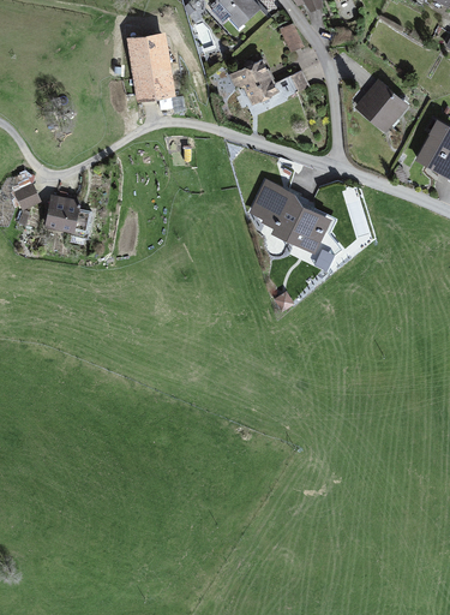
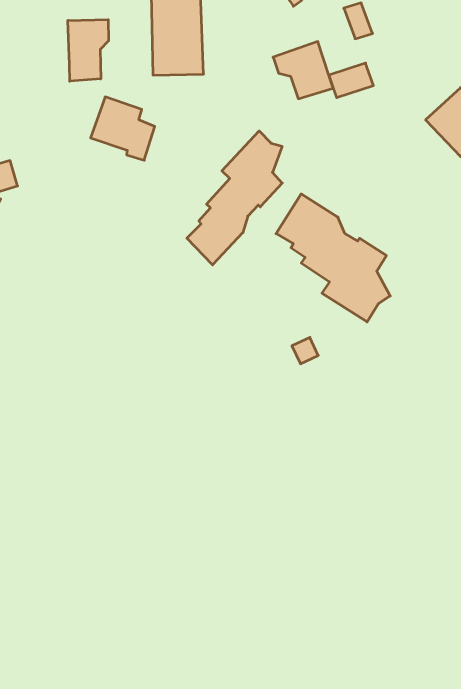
building: none -> [68,20,109,81]
building: none -> [187,131,282,265]
building: [43,193,92,239] -> [91,97,155,160]

